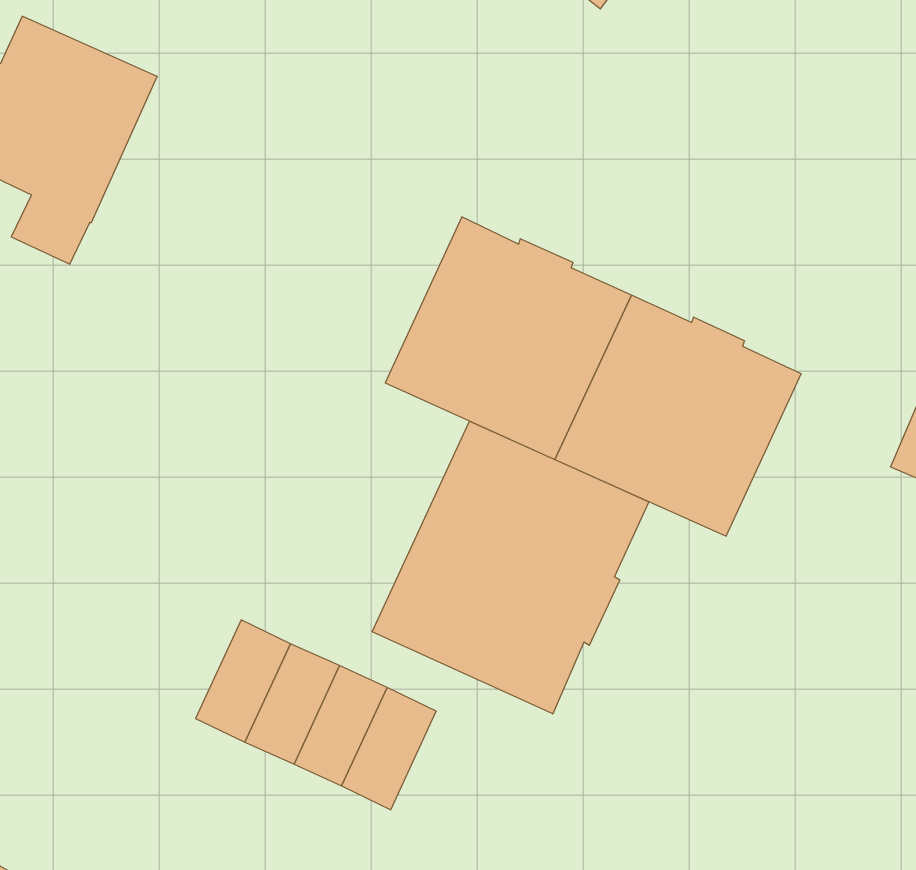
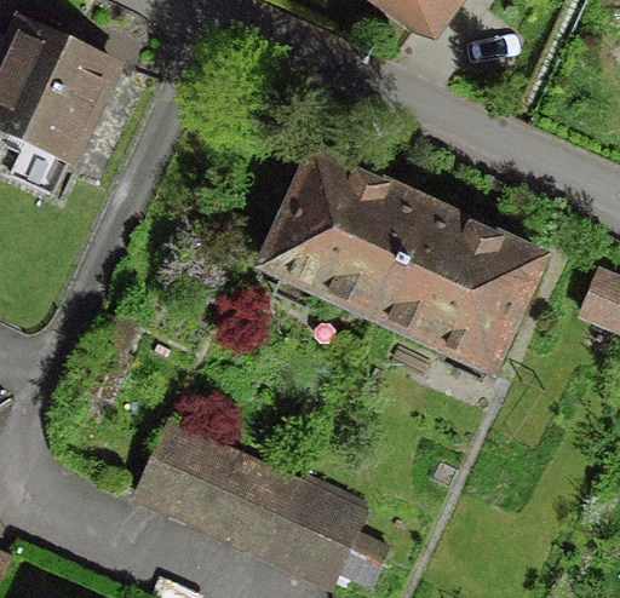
building: [372,421,649,714] -> none
building: none -> [269,484,366,579]

